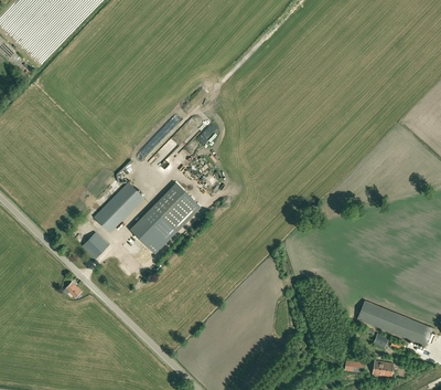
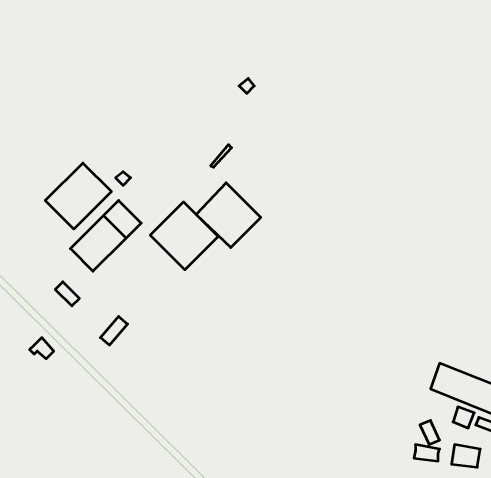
building: none -> [45,163,111,229]
building: [130,207,178,254] -> [196,183,261,248]

